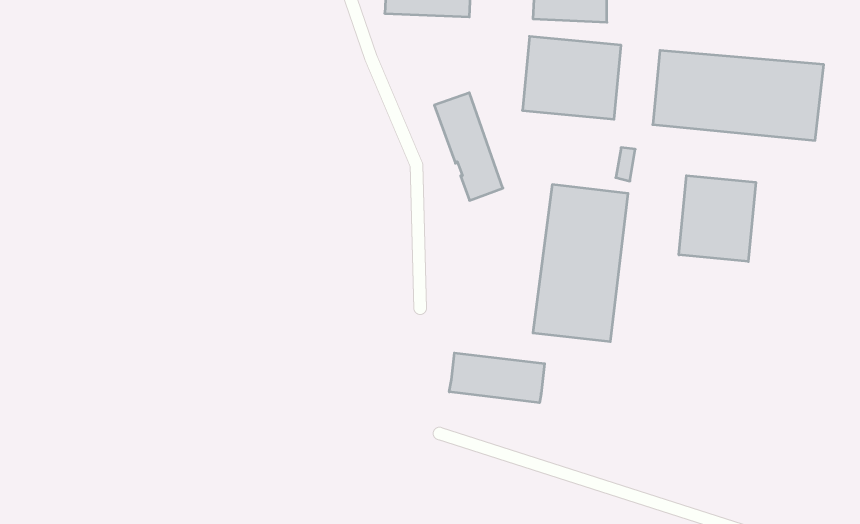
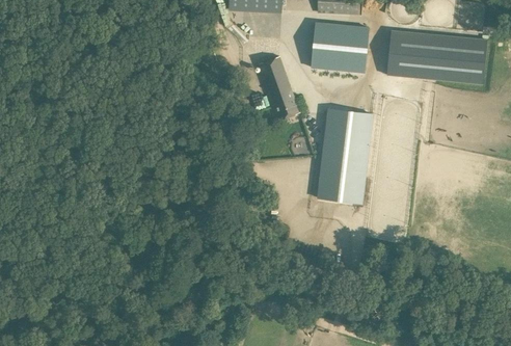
building: [679,176,756,262] -> none
building: [449,353,545,403] -> none

